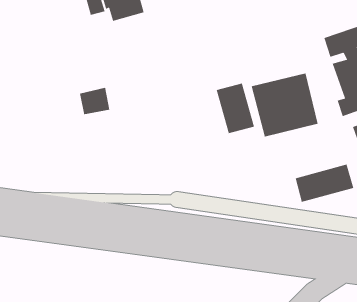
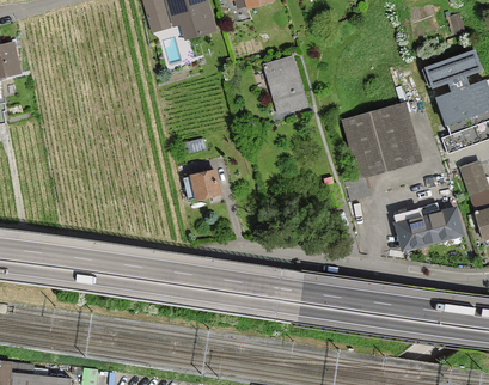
building: [216,83,255,134] -> [262,56,307,116]
building: [79,87,110,115] -> [185,167,221,200]

